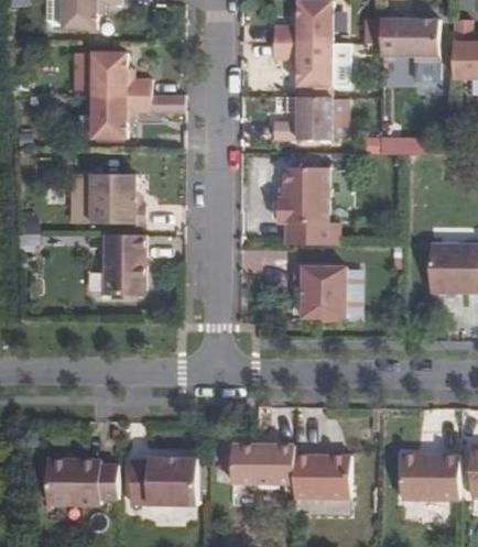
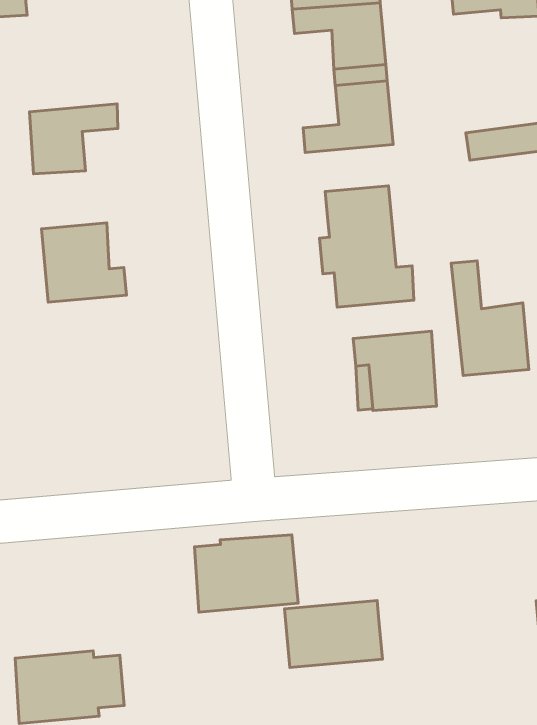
building: [89,52,149,95] -> none
building: none -> [451,261,529,376]
building: [102,233,143,295] -> none
building: [293,455,349,499] -> none
building: [129,457,196,504] -> [195,535,298,612]

